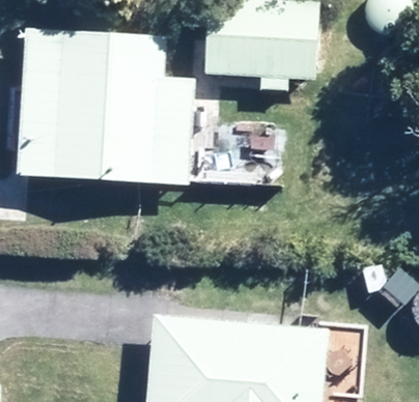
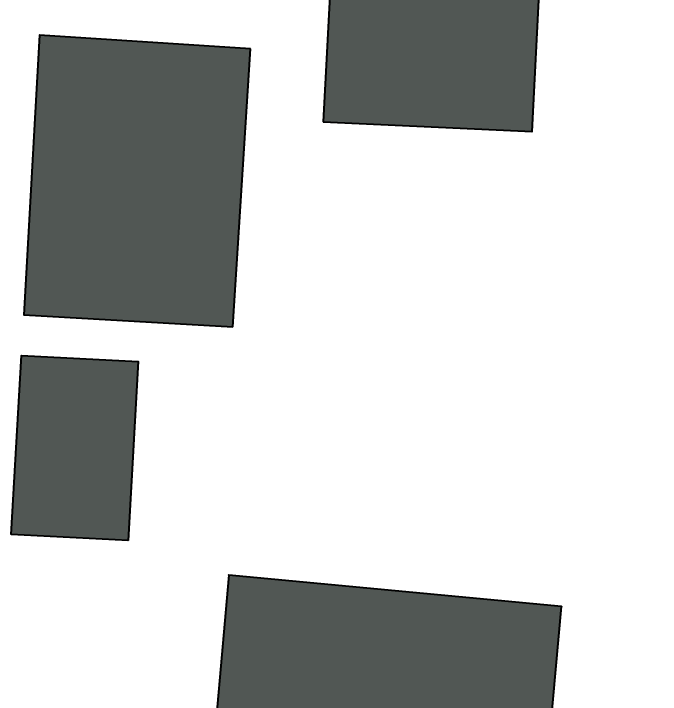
building: none -> [11,356,138,540]

